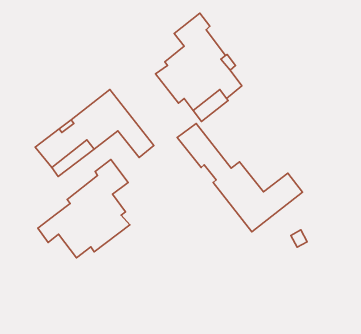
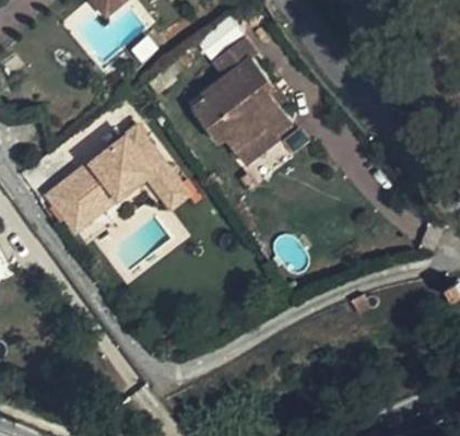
building: [177,124,303,232] -> none
building: [38,160,130,258] -> none

